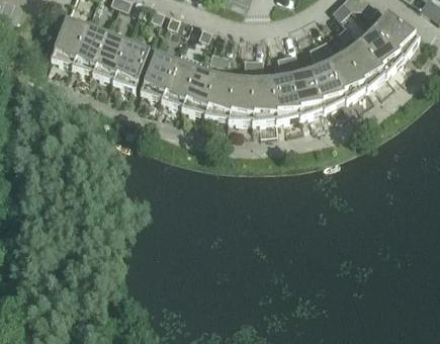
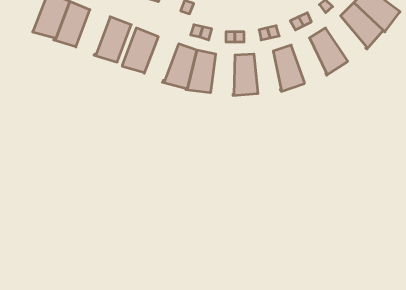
building: [90,34,126,79] -> none
building: [343,40,384,88] -> none
building: [159,62,195,106] -> none
building: [309,63,344,109] -> none
building: [271,76,298,119] -> none
building: [227,79,252,119] -> none

